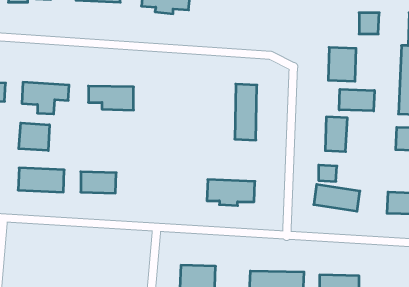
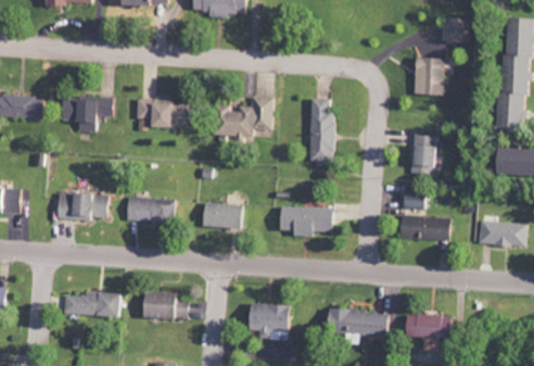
building: none -> [222,98,280,138]
building: [339,89,374,111] -> none
building: [19,123,49,151] -> none
building: none -> [201,203,239,227]
building: none -> [141,290,189,318]
building: none -> [65,292,119,316]

